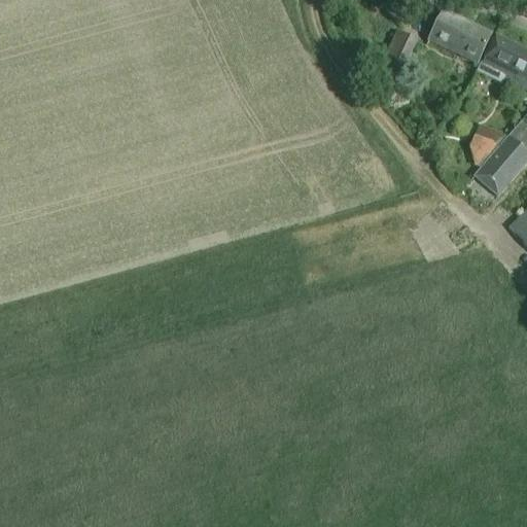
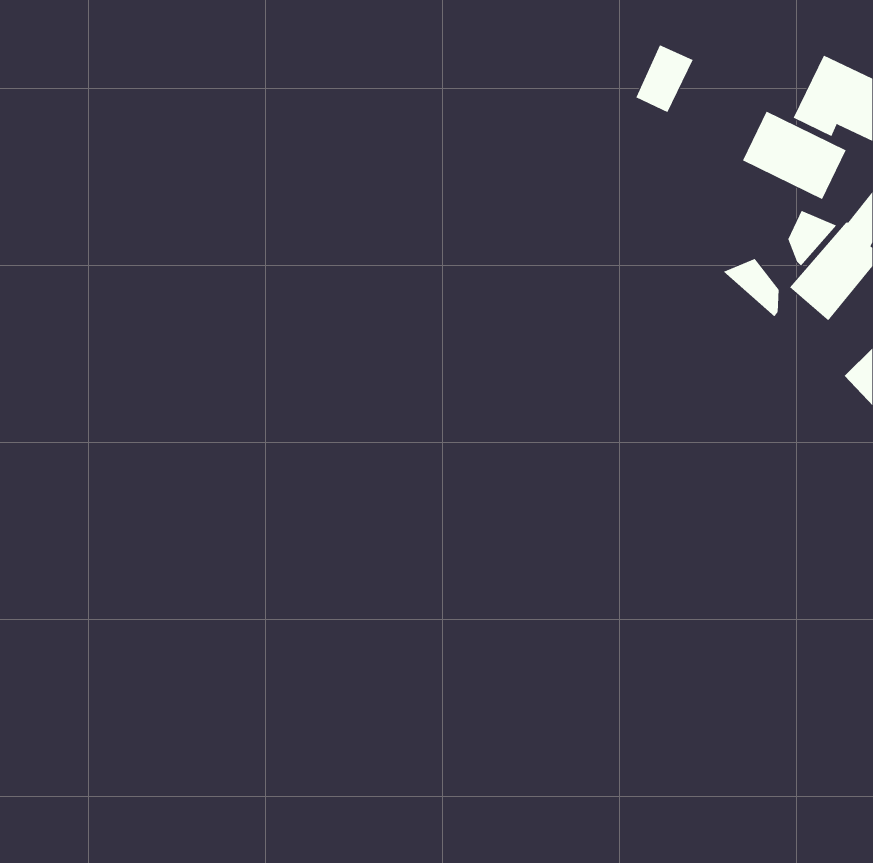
building: [428,8,491,62] -> [742,111,846,200]
building: none -> [723,258,779,317]

